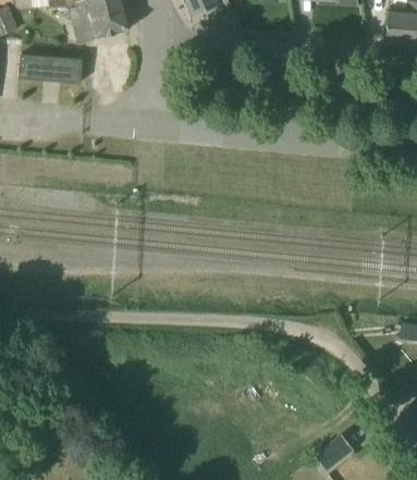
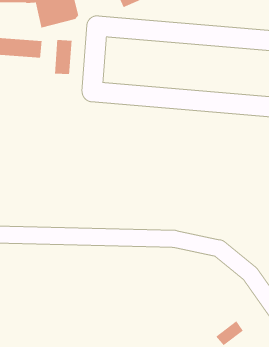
building: none -> [54,39,72,75]

